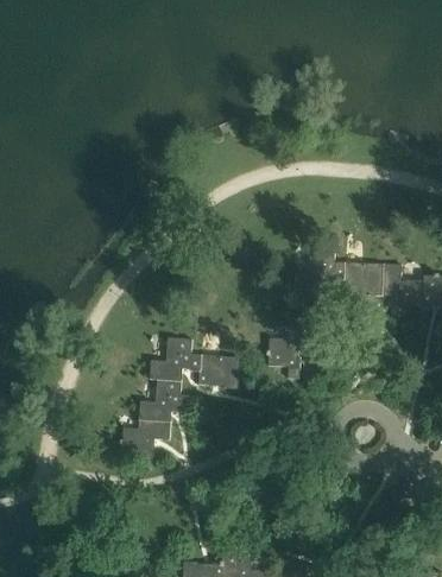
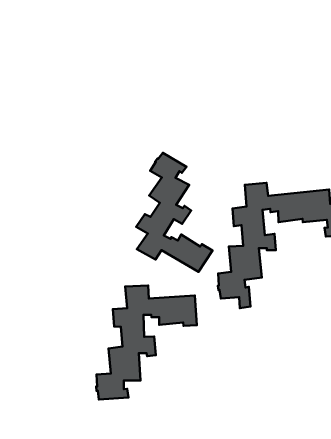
building: none -> [136,153,212,272]

